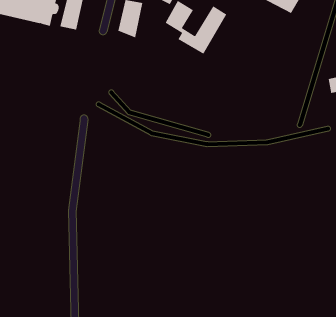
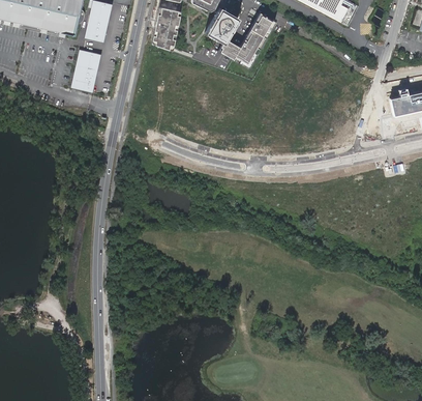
building: none -> [71,49,101,92]

